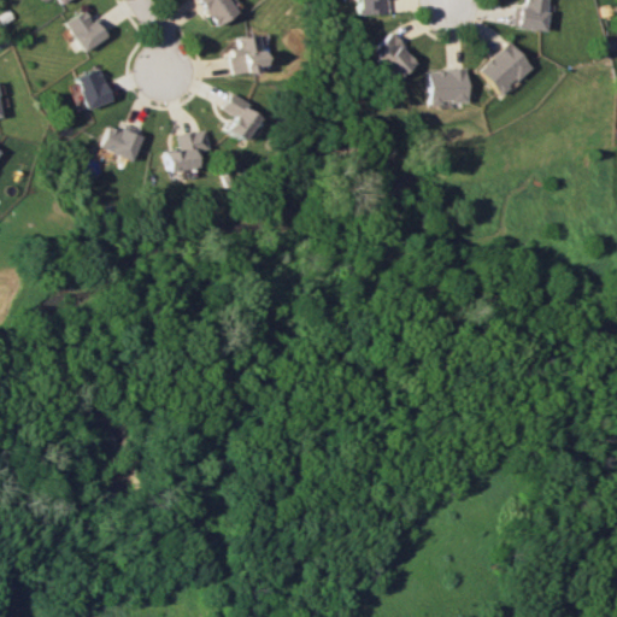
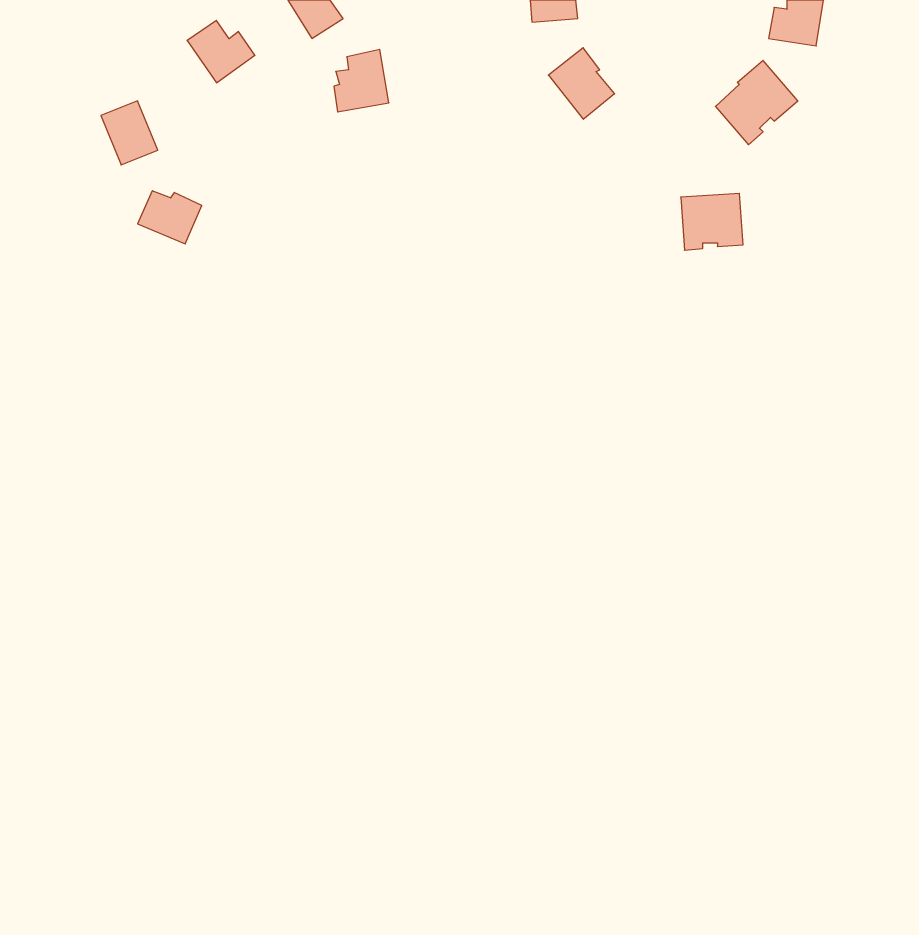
building: [69,10,113,51] -> [187,20,255,83]
building: [429,69,470,106] -> [681,193,743,250]
building: [223,93,259,142] -> none
building: [168,129,211,174] -> none

